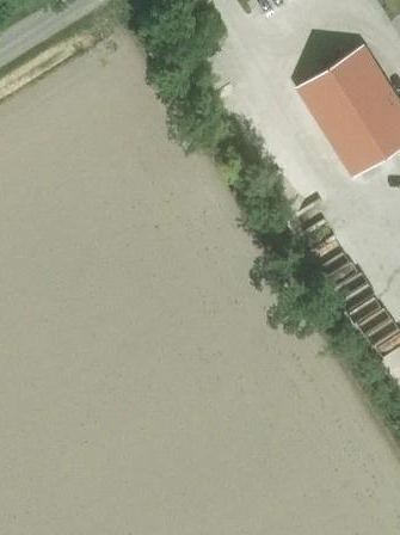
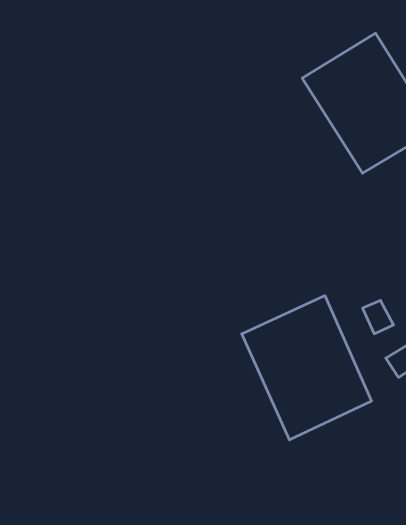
building: none -> [242,296,371,440]

